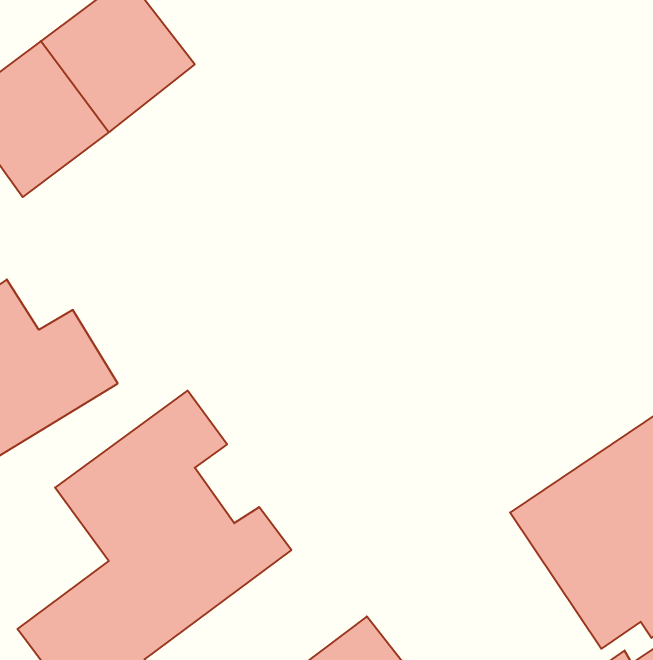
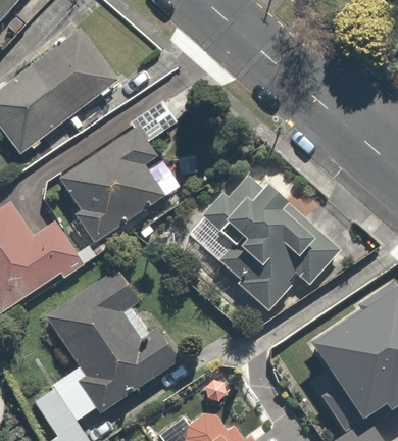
building: none -> [59,119,163,238]
building: none -> [211,182,335,309]

